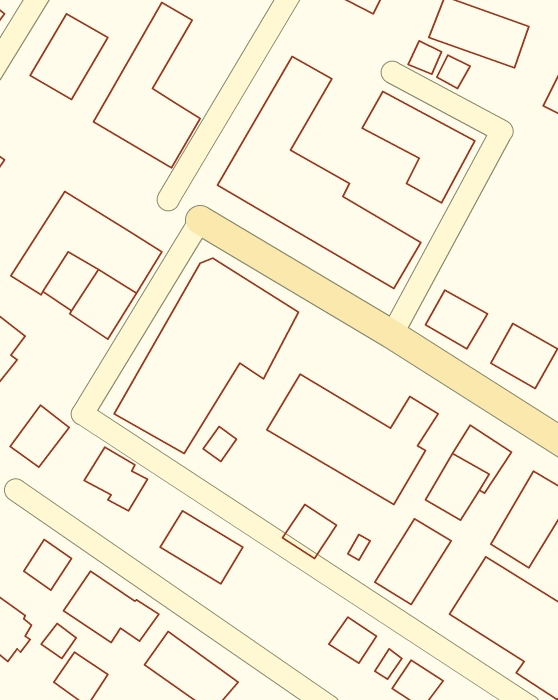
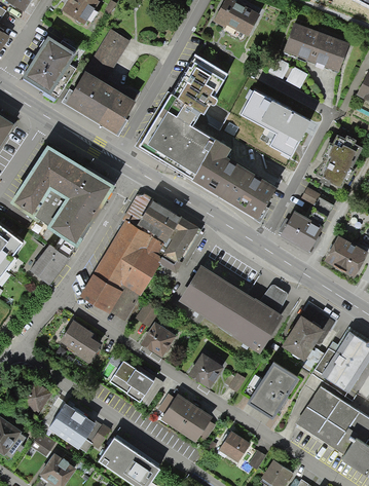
building: none -> [316,138,359,189]
building: [10,405,69,467] -> [30,246,68,286]
building: none -> [141,323,175,357]
building: none -> [156,386,217,438]

